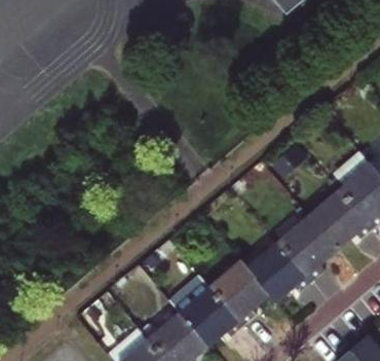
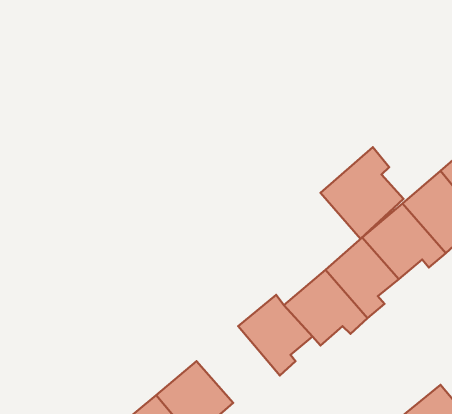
building: none -> [320,147,404,239]
building: [176,287,241,348] -> none

